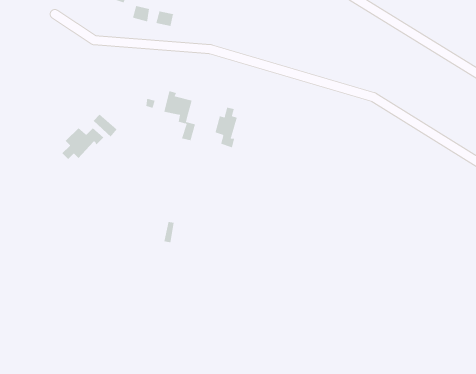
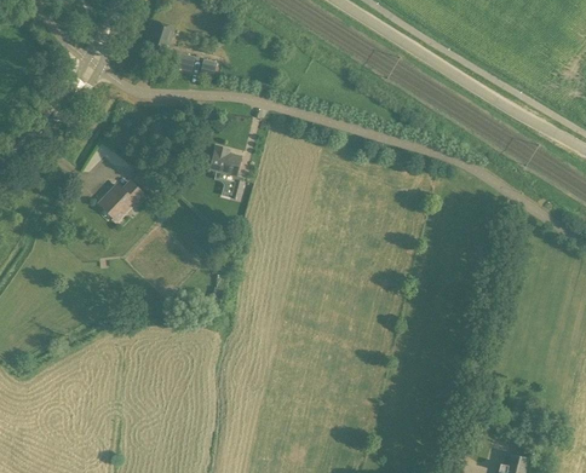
building: [215,107,238,148] -> none

